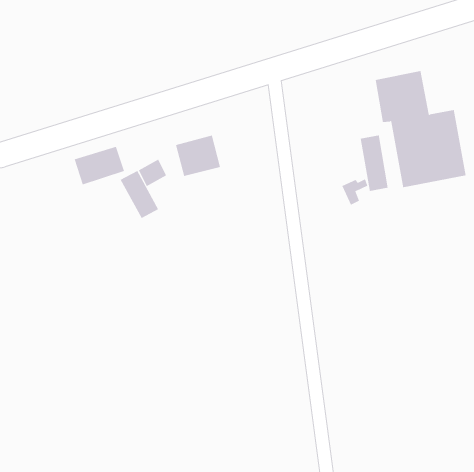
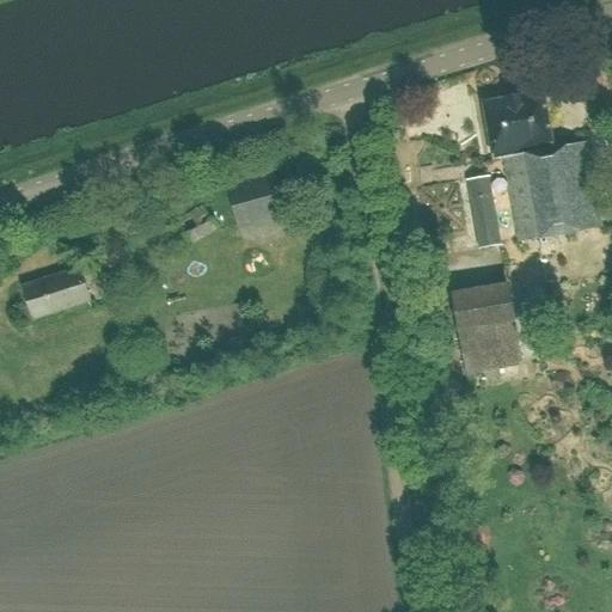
building: [74,146,125,185] -> [22,268,87,318]
building: [120,170,159,219] -> none
building: none -> [451,281,522,373]

